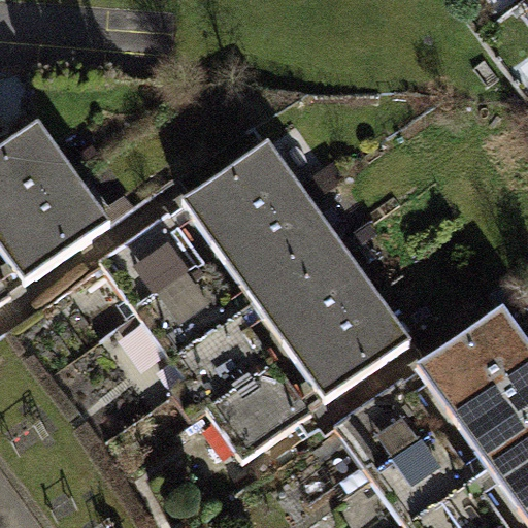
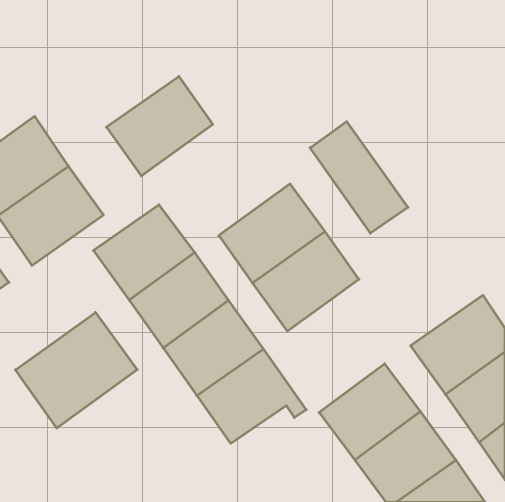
building: none -> [310,122,408,233]
building: [191,141,301,244] -> [106,76,213,176]
building: [298,290,408,393] -> none
building: none -> [15,312,137,428]

